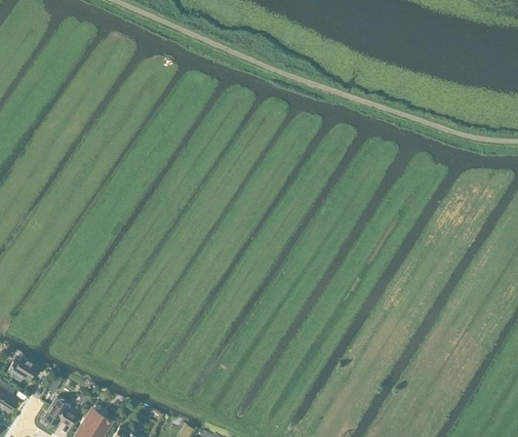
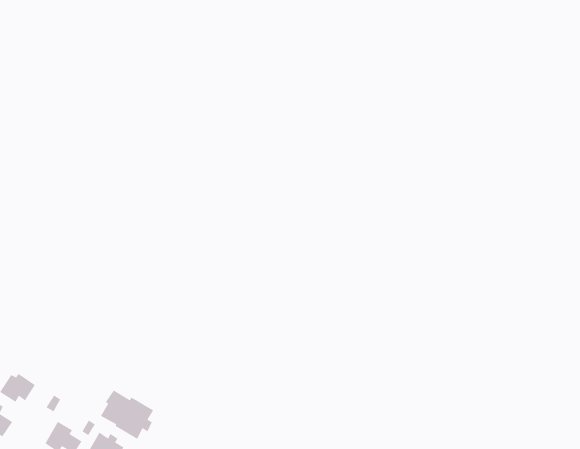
building: none -> [100,390,154,440]

